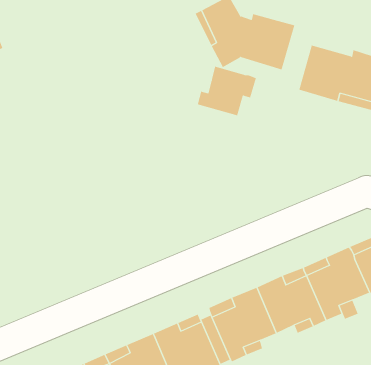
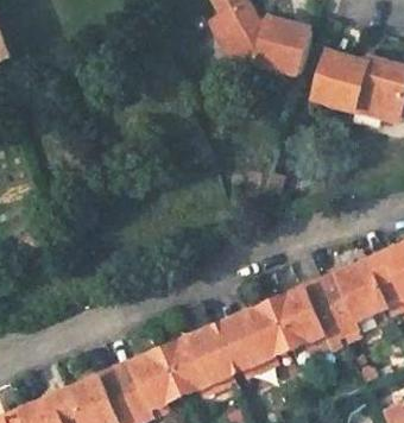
building: [197,66,256,116] -> none

